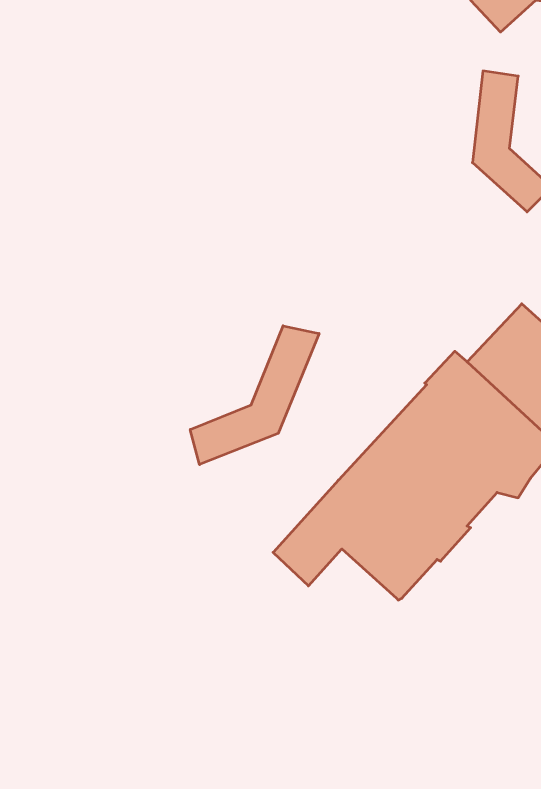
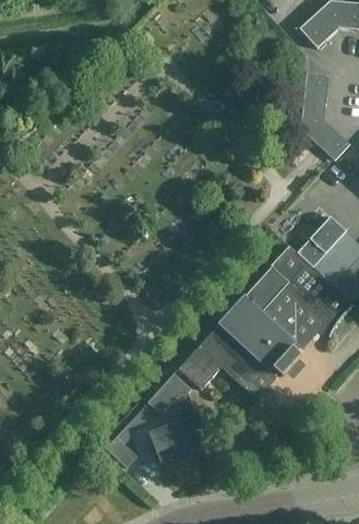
building: [190,326,319,465] -> none
building: none -> [108,372,205,464]

